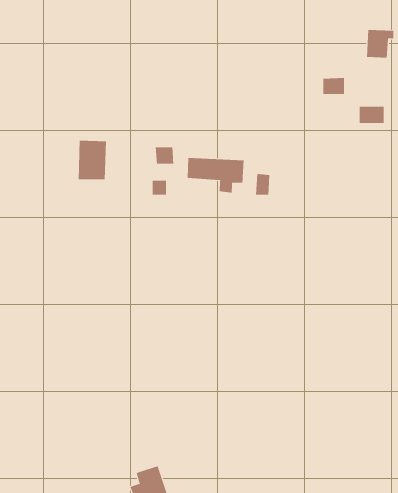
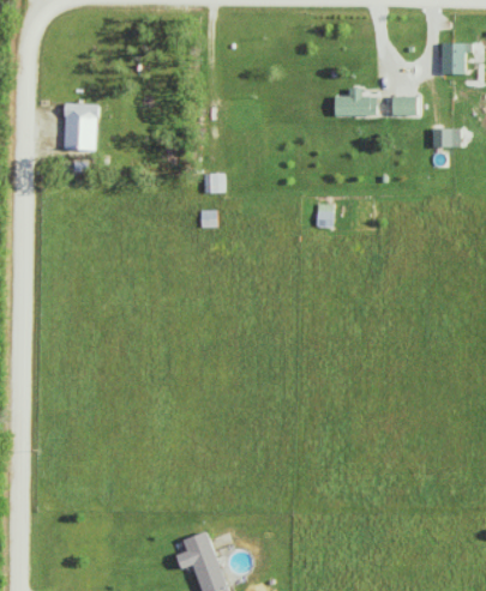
building: none -> [335,88,377,115]
building: [78,140,107,180] -> [65,105,97,150]
building: [187,157,244,194] -> none

